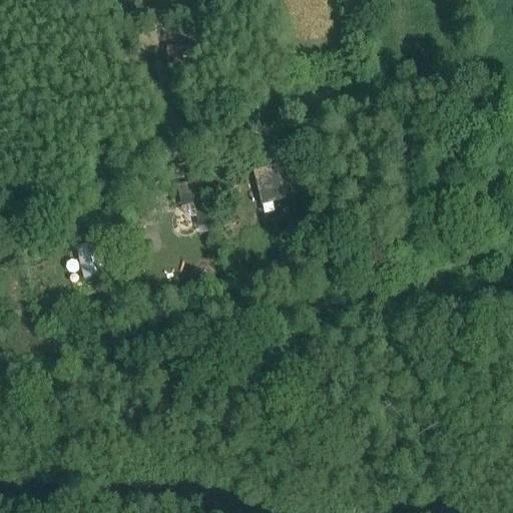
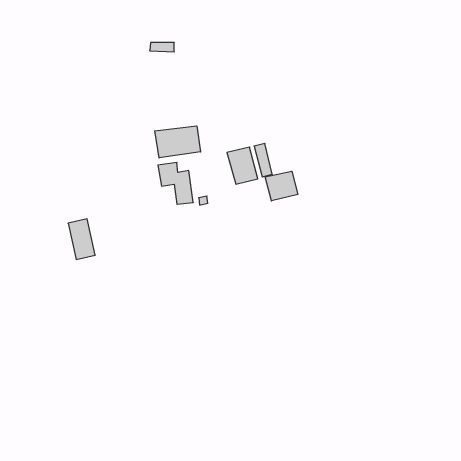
building: none -> [155,126,201,158]
building: none -> [265,171,298,201]

